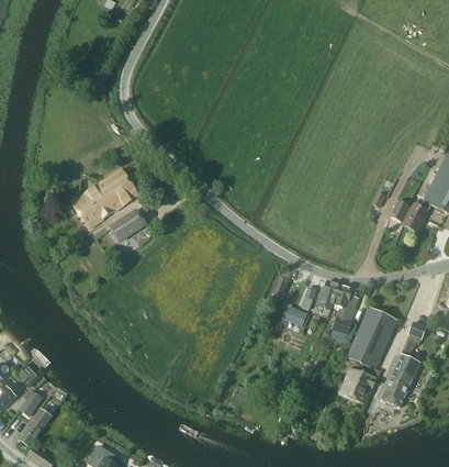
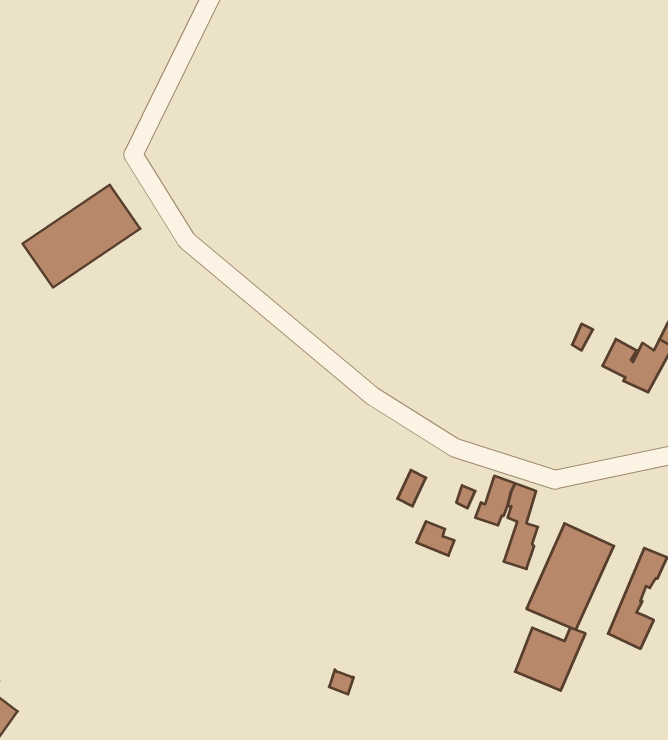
building: [71,168,139,227] -> [23,185,140,287]
building: [111,210,146,241] -> none
building: [381,370,413,407] -> none

